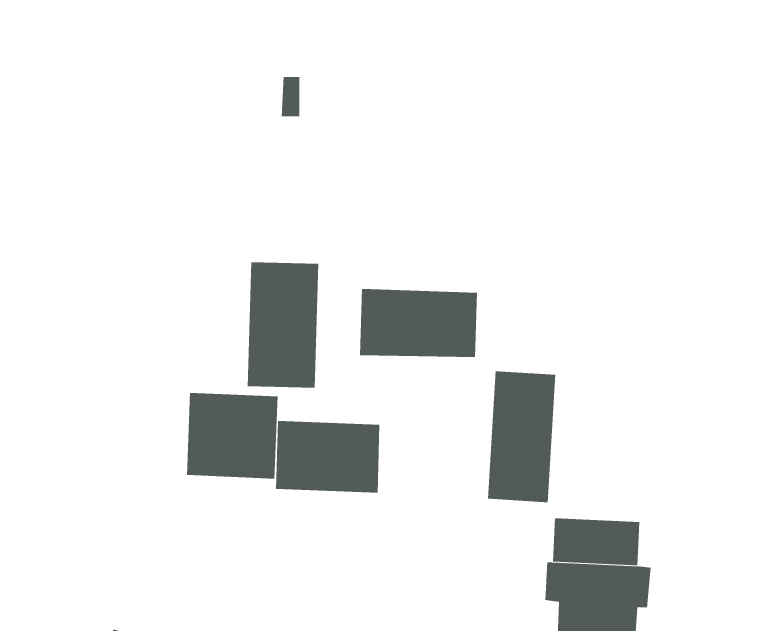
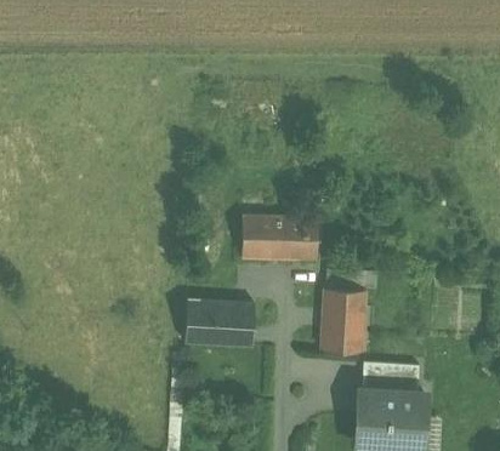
building: [247,261,319,389] -> none
building: [187,392,278,479] -> none

